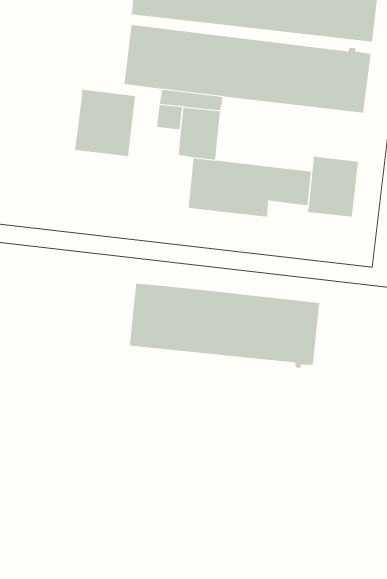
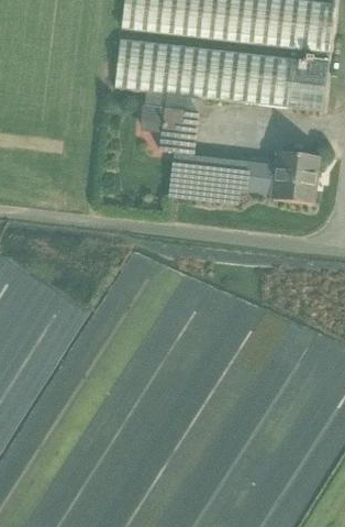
building: [74,89,136,157] -> none
building: [129,283,320,369] -> none

